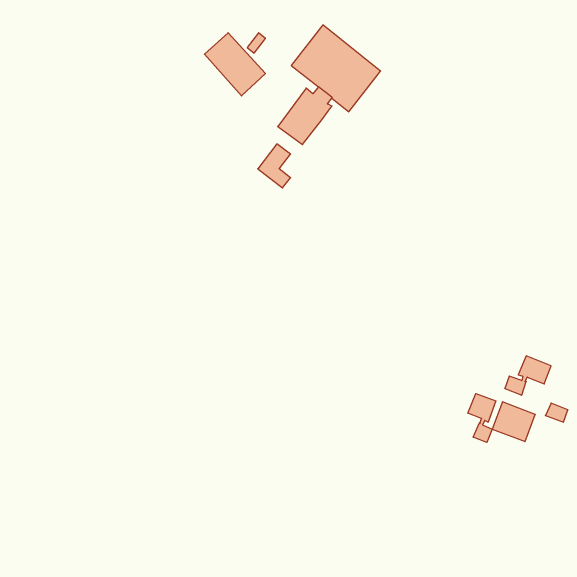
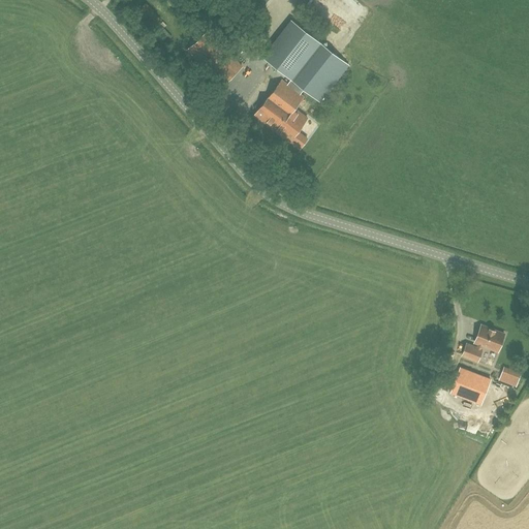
building: [258,144,291,188] -> [277,110,307,150]
building: [468,394,496,442] -> none

